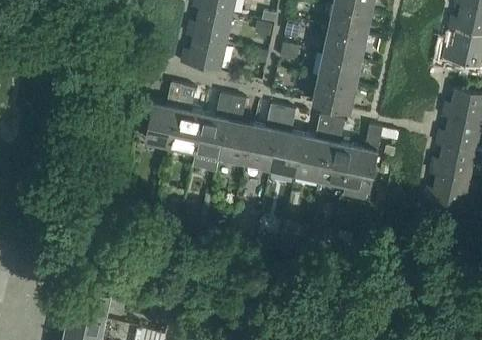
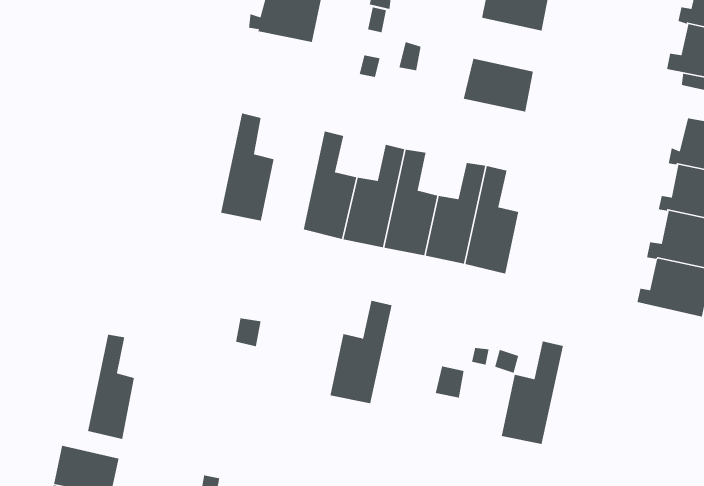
building: [324,30,366,62] -> none
building: [180,38,226,73] -> none
building: [313,79,356,112] -> none
building: [144,85,183,148] -> none
building: [195,95,233,158] -> [330,300,392,404]
building: [344,127,382,191] -> [501,341,564,445]
building: none -> [87,334,135,440]

